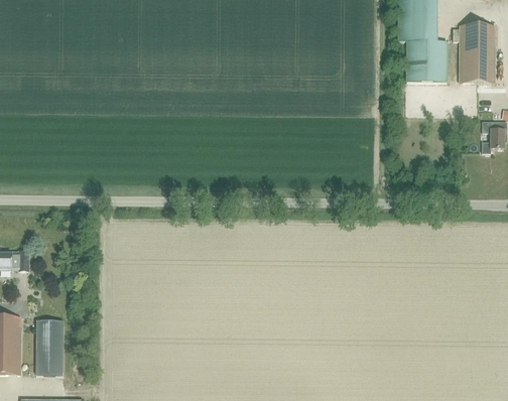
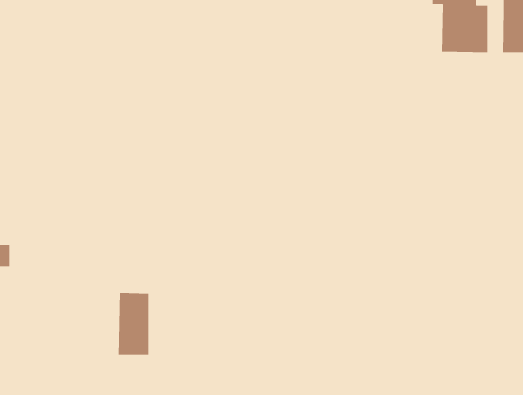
building: [35,318,62,374] -> [118,292,149,355]

